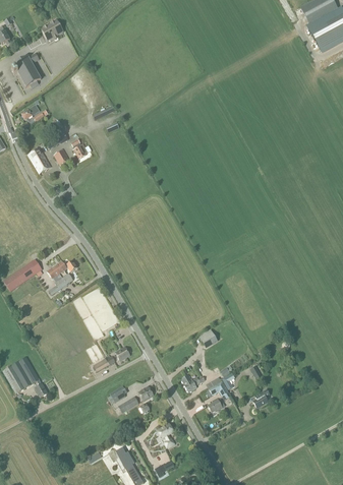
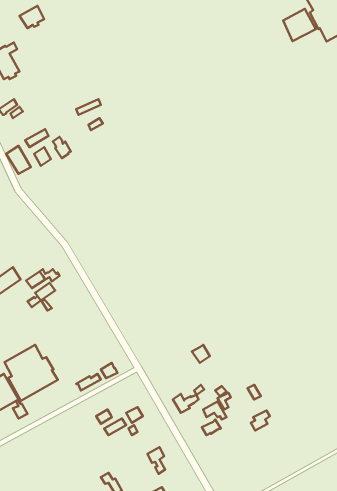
building: none -> [283,9,316,41]
building: none -> [5,345,58,401]

